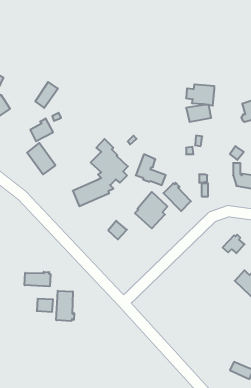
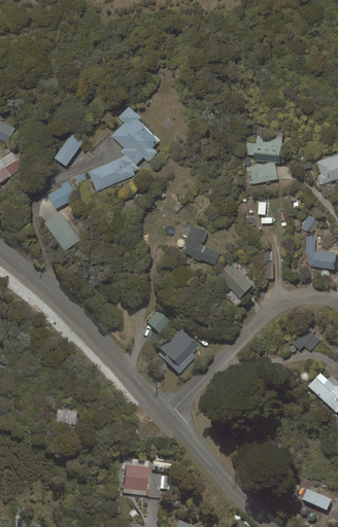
building: [73,139,128,206] -> [89,105,159,190]
building: [135,192,167,228] -> [158,326,199,373]
building: [25,272,50,286] -> none
building: [56,291,74,321] -> none
building: none -> [124,464,149,494]

